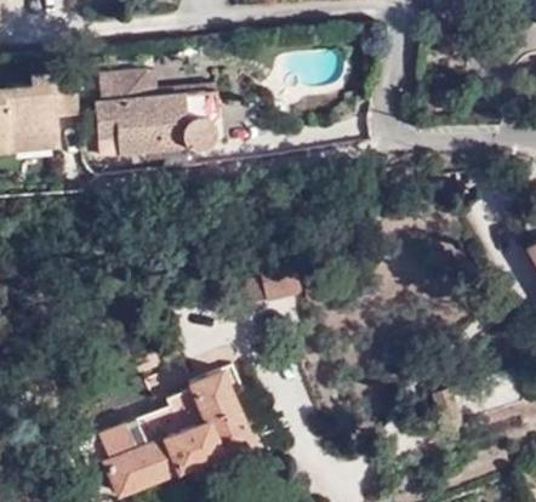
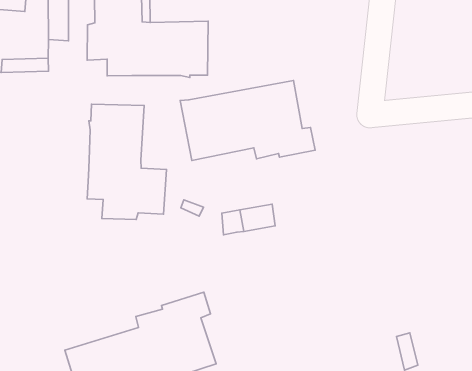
building: none -> [180,80,315,161]
building: none -> [87,104,166,219]

